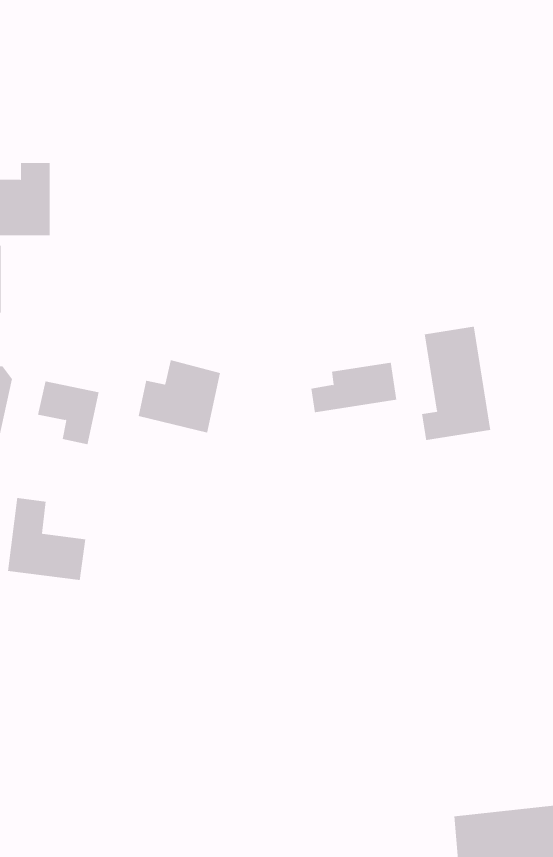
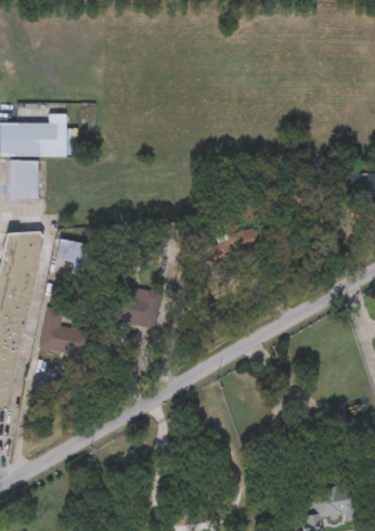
building: [422,326,491,441] -> none
building: [138,360,221,433] -> [113,286,160,328]

